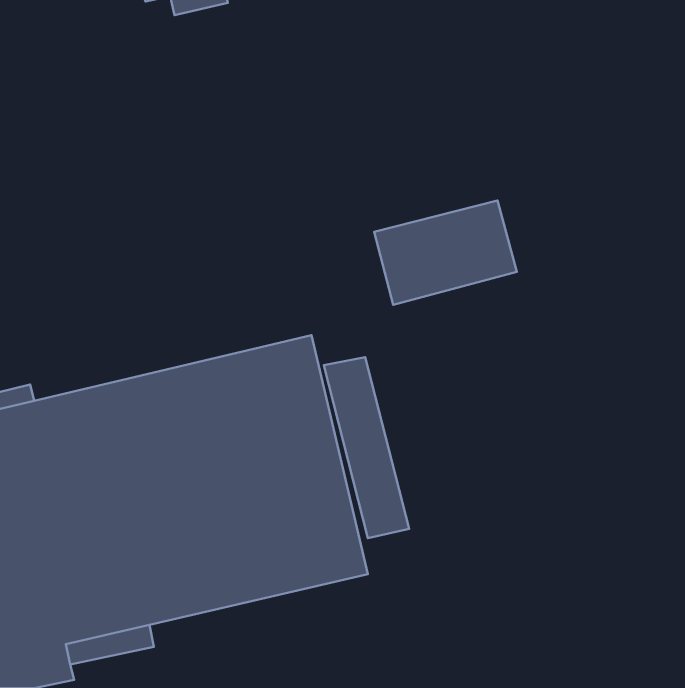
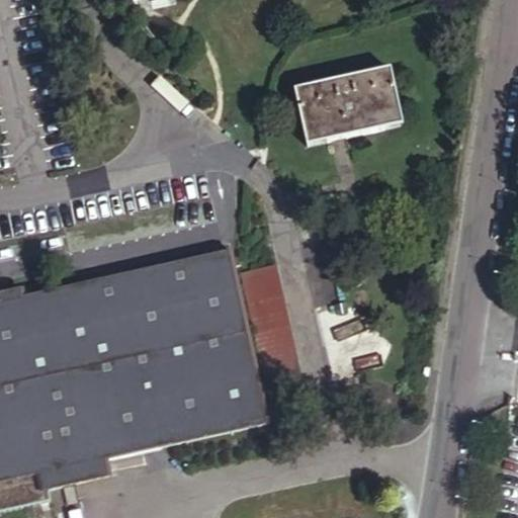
building: [374,200,517,305] -> [290,61,396,138]

